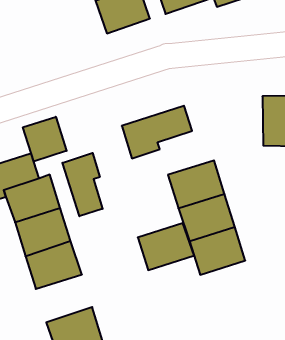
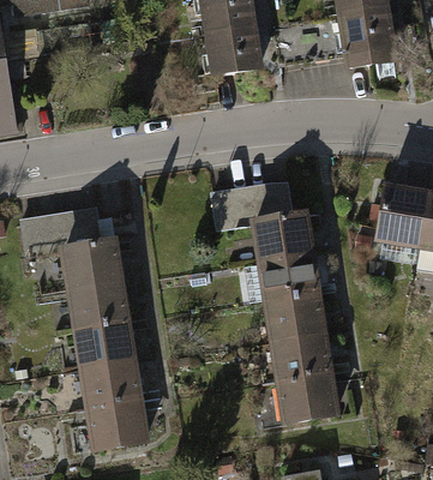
building: [23,117,67,161] -> none
building: none -> [251,210,314,259]
building: [62,153,103,216] -> none
building: [138,223,194,270] -> [276,376,339,425]
building: none -> [78,361,142,412]

